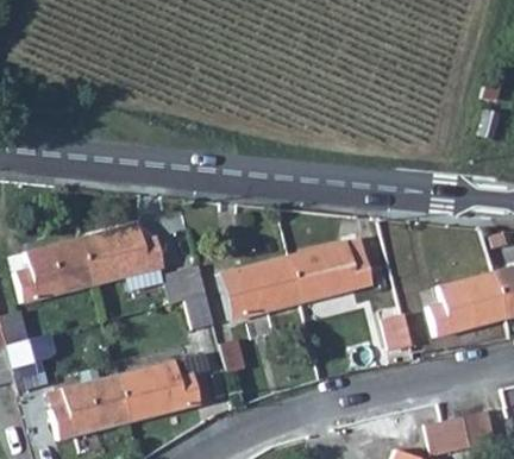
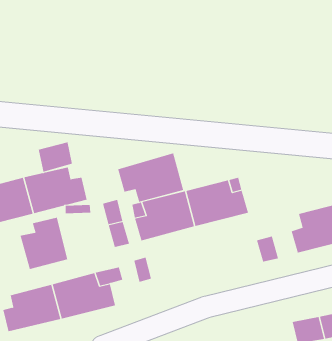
building: none -> [38,142,72,173]
building: none -> [118,153,184,203]
building: none -> [20,217,68,270]

